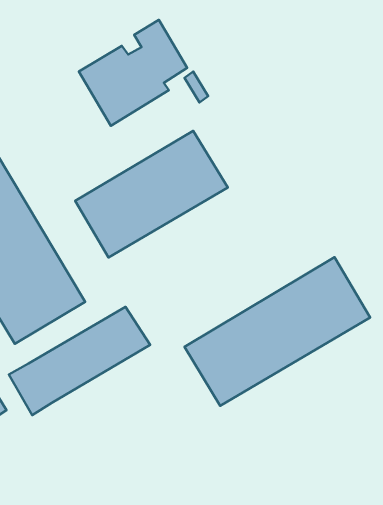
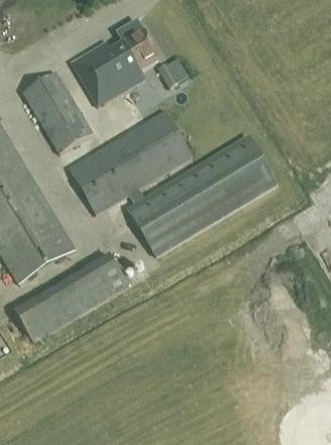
building: none -> [22,72,94,153]
building: [184,257,370,406] -> [126,133,279,255]

